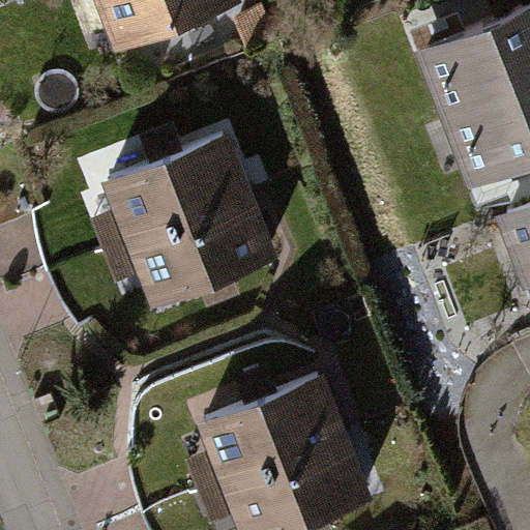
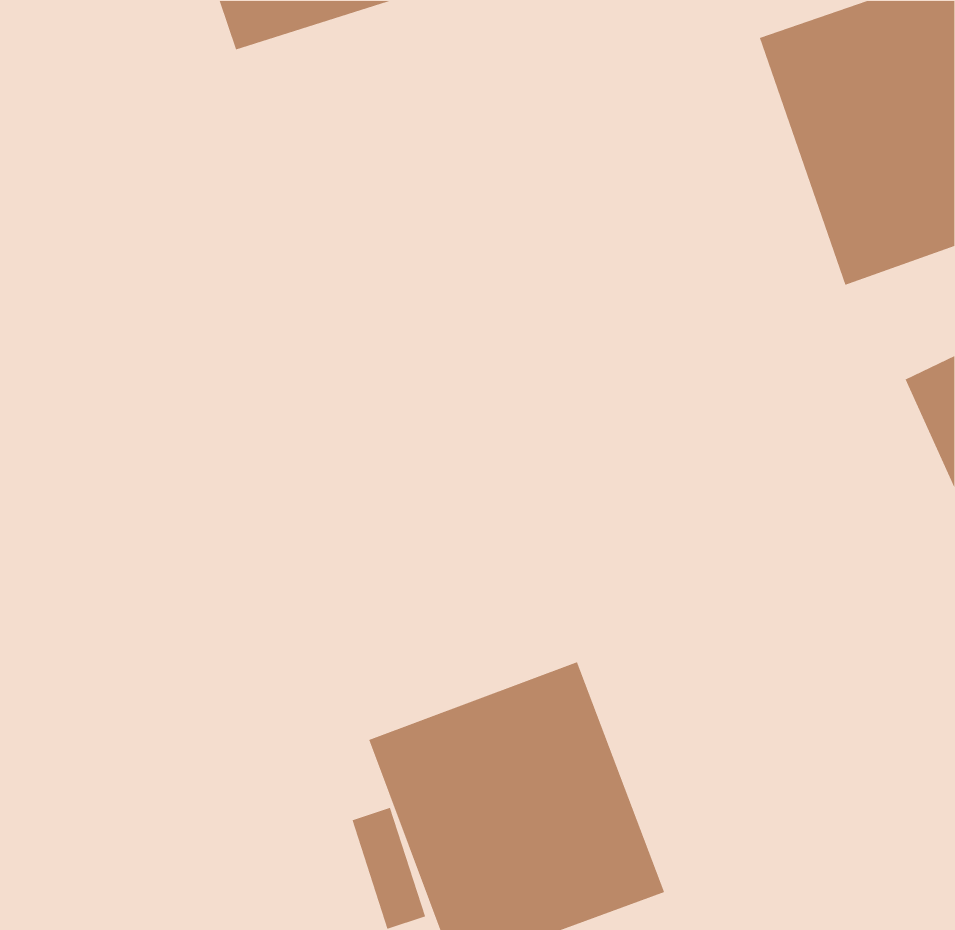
building: [100,141,273,310] -> none

